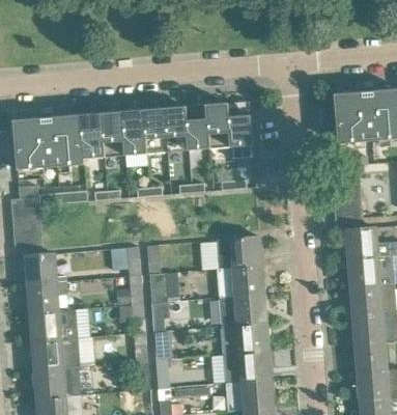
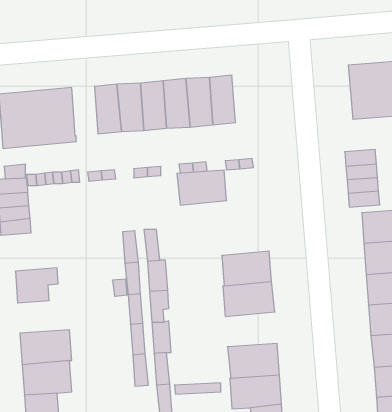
building: [227,101,253,146] -> none
building: [80,113,104,159] -> none
building: [216,237,261,269] -> [177,170,227,205]
building: [25,253,66,283] -> none
building: [30,309,78,340] -> none
building: [221,321,268,353] -> none

